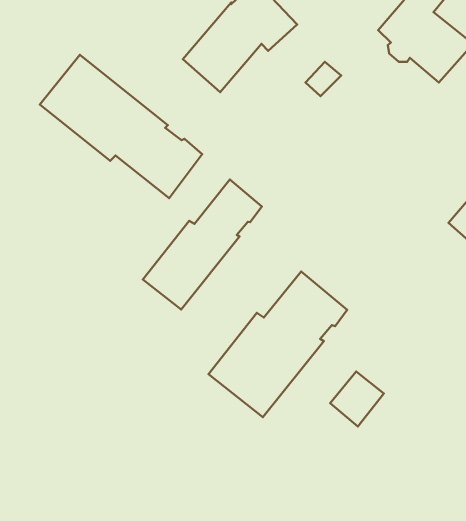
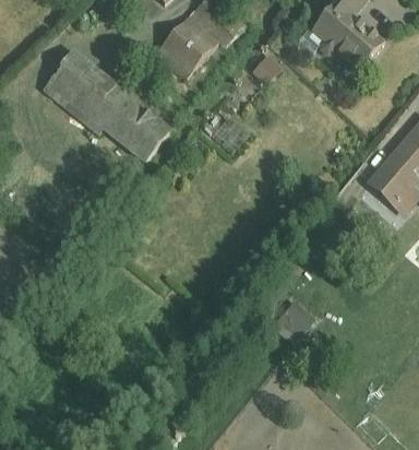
building: [143,179,262,310] -> none
building: [209,271,347,417] -> none

